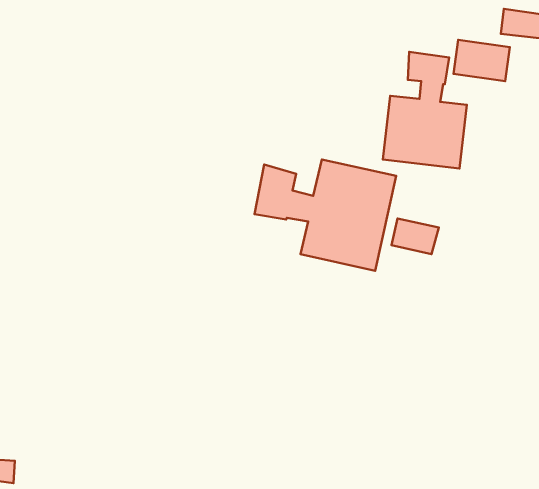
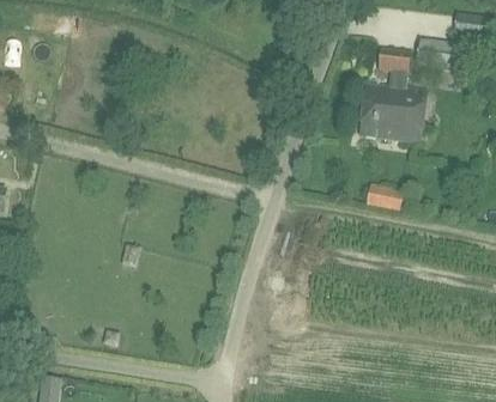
building: [255,159,396,271] -> none

